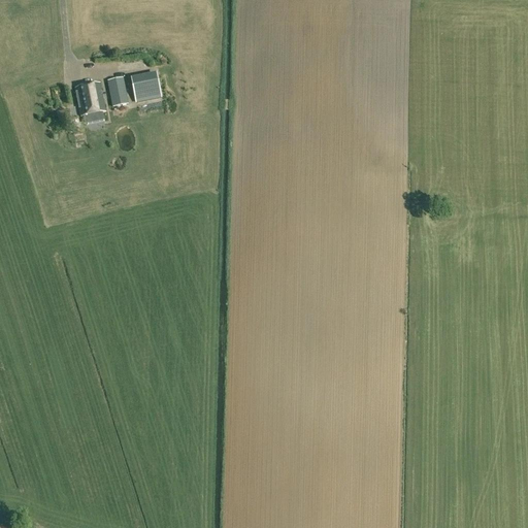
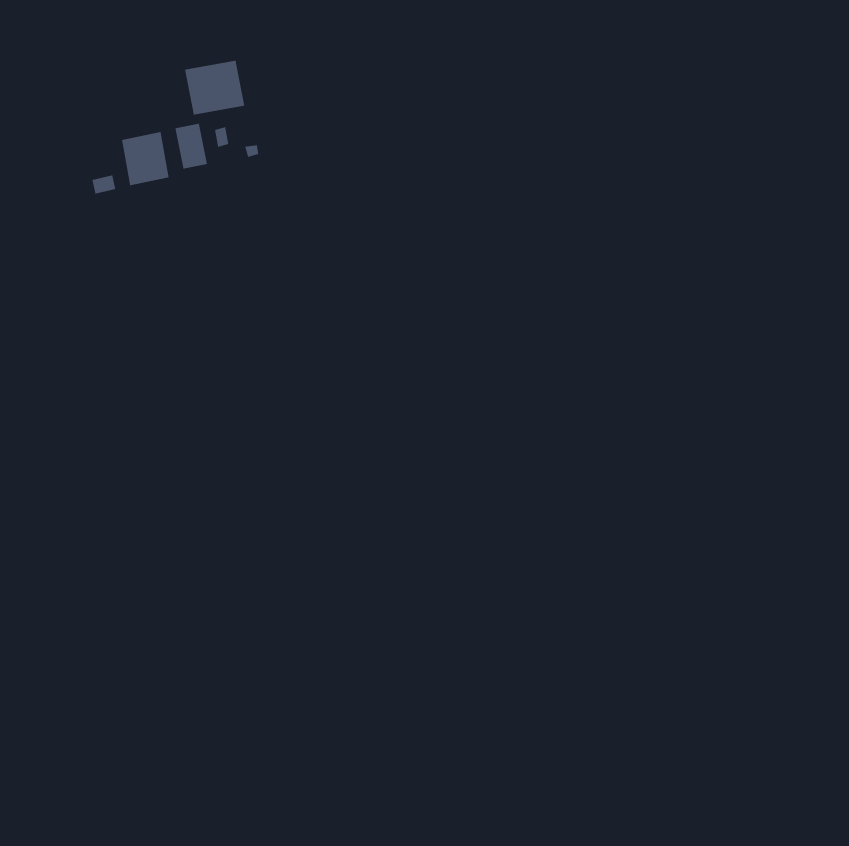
building: none -> [184,60,245,116]

